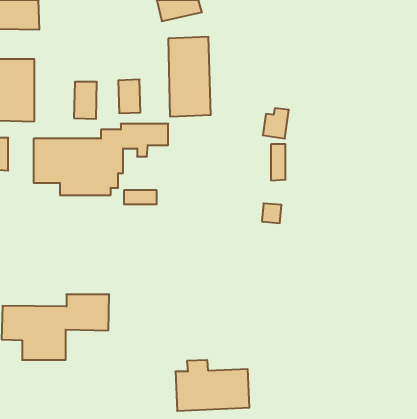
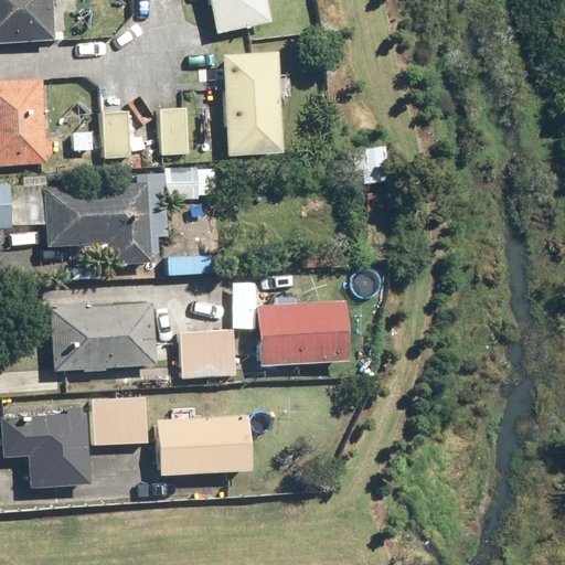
building: none -> [51,301,154,367]
building: none -> [258,305,349,366]
building: none -> [178,331,235,375]
building: [175,360,249,411] -> [154,405,254,473]

